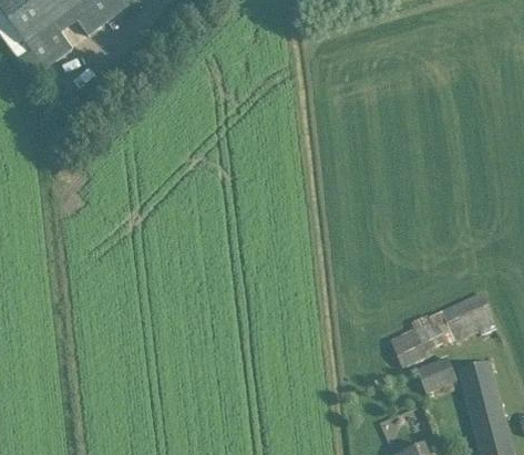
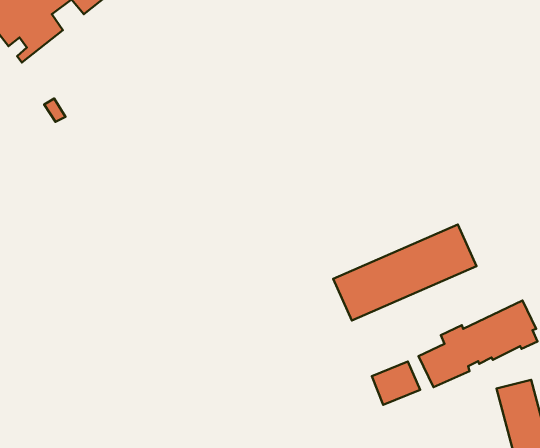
building: none -> [333,224,477,321]
building: [415,354,459,393] -> [372,361,420,405]

